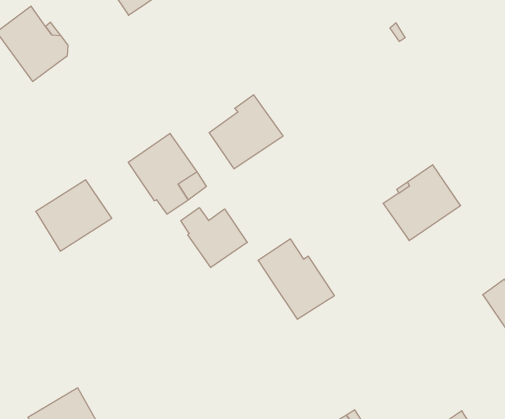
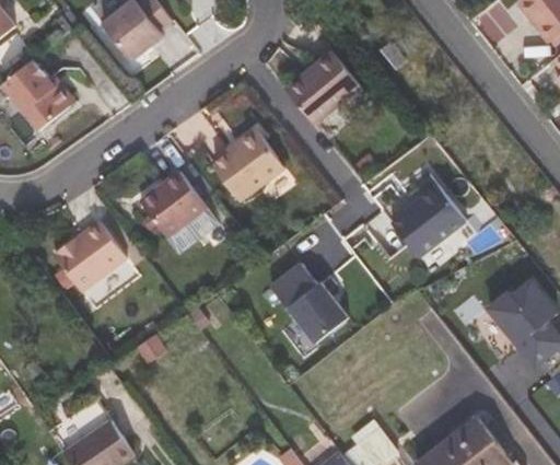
building: none -> [283,49,359,121]
building: [181,208,247,268] -> none

